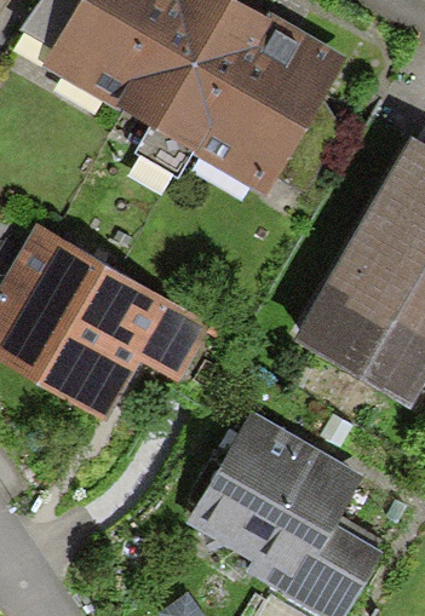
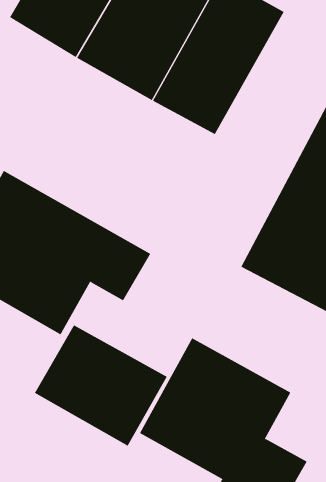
building: none -> [34,324,167,446]

